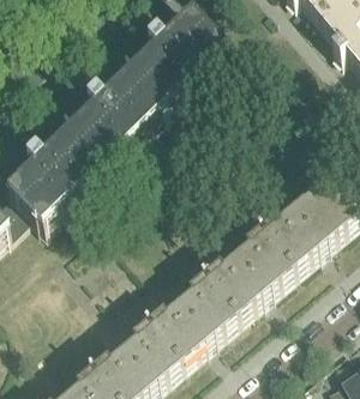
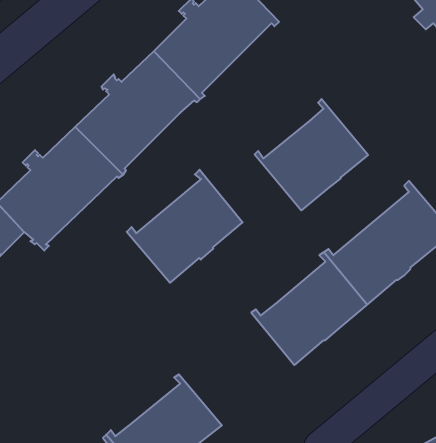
building: none -> [255,99,368,210]
building: [144,277,234,364] -> [127,170,243,283]

